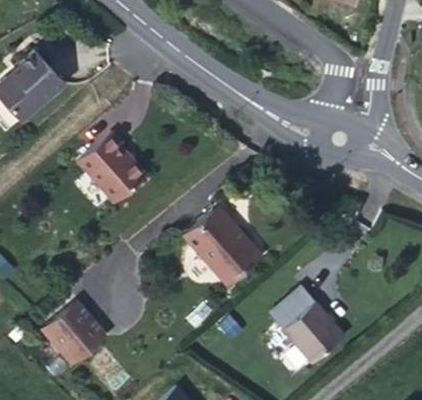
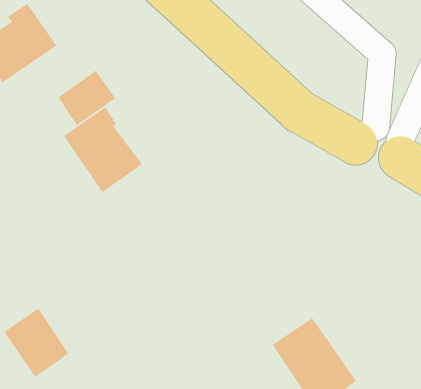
building: none -> [58,70,116,126]
building: [184,211,260,285] -> none

